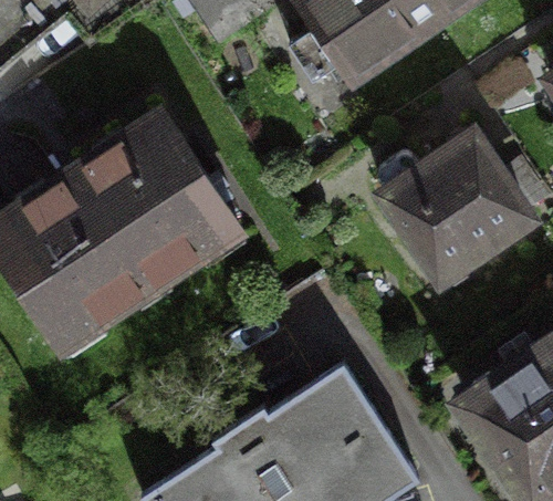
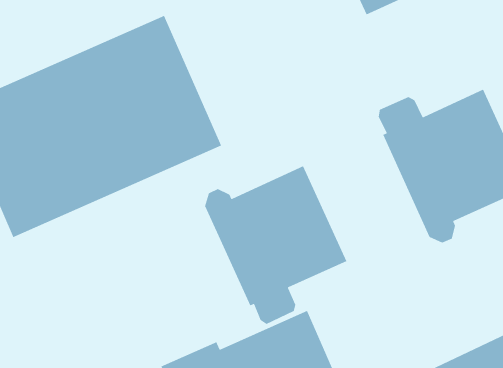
building: none -> [204,165,348,325]

